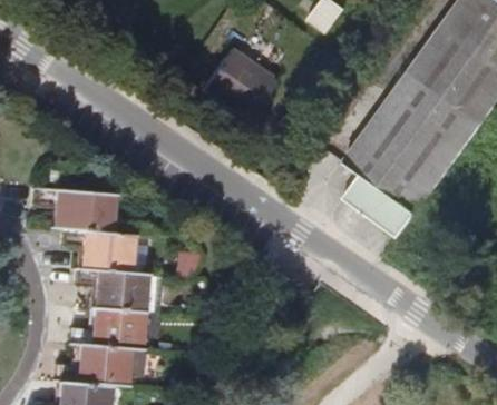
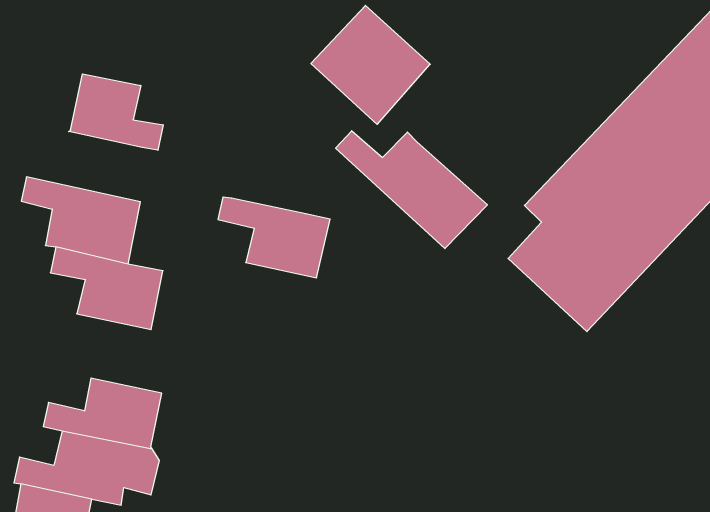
building: none -> [69,74,163,150]
building: none -> [336,131,487,249]
building: [74,267,144,309] -> [218,197,330,278]

